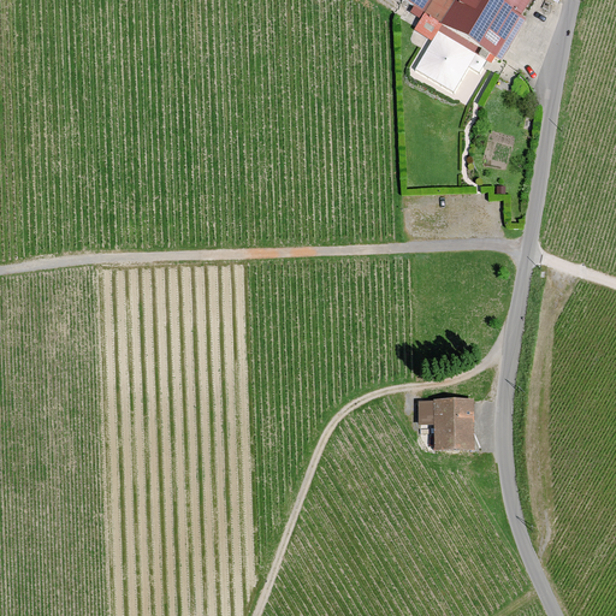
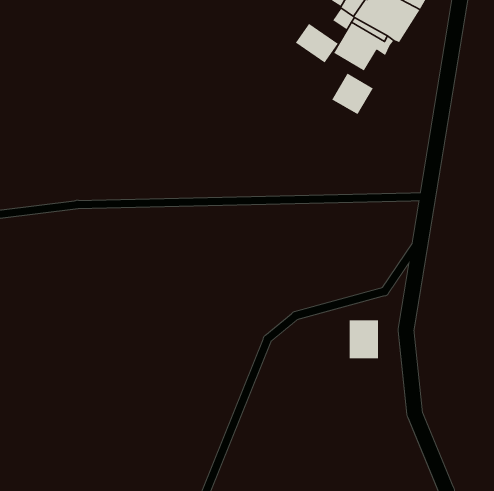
building: none -> [295,23,339,64]
building: none -> [331,73,374,115]

